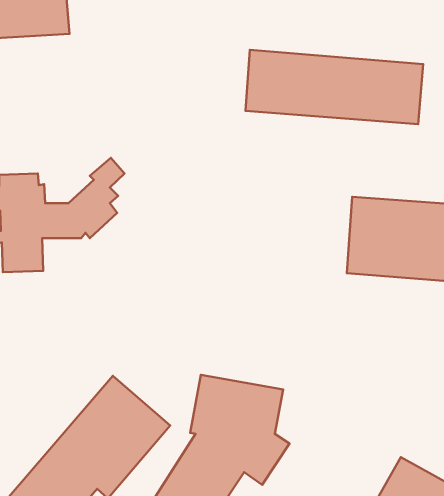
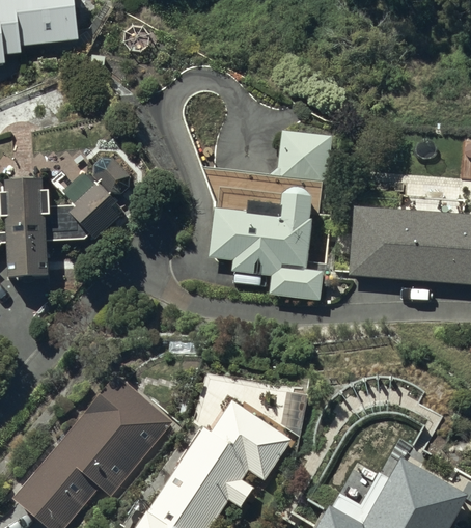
building: [246,50,423,124] -> none
building: none -> [206,132,330,299]

